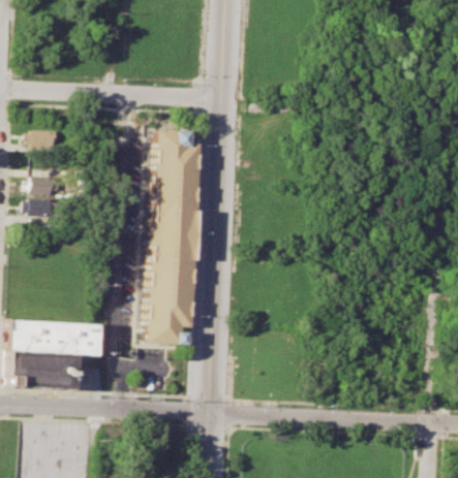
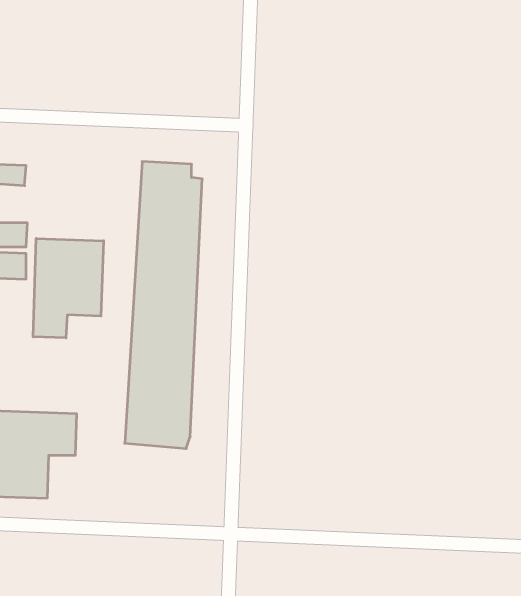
building: none -> [33,238,104,338]

